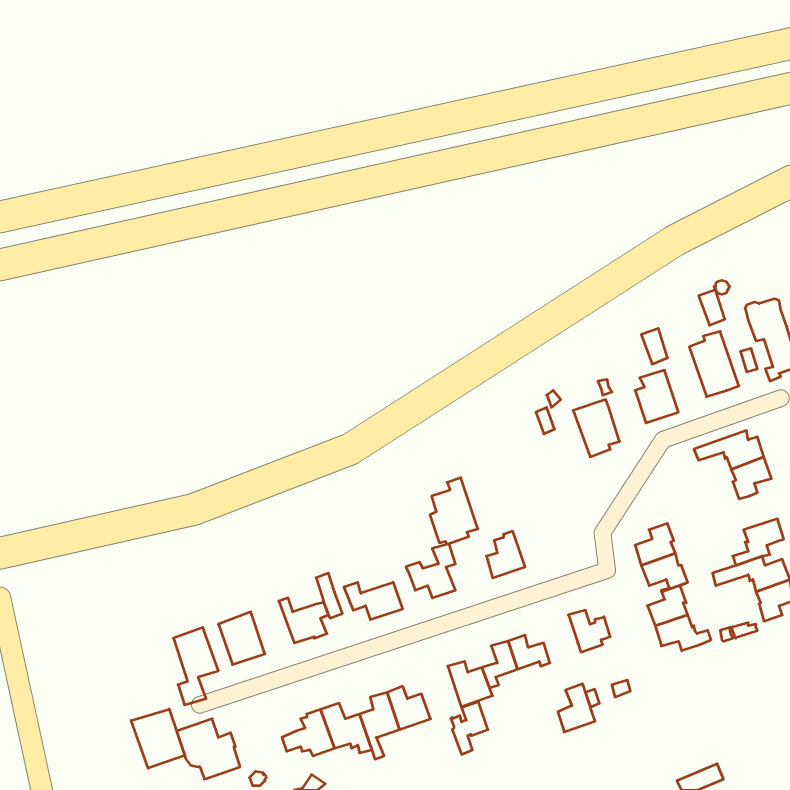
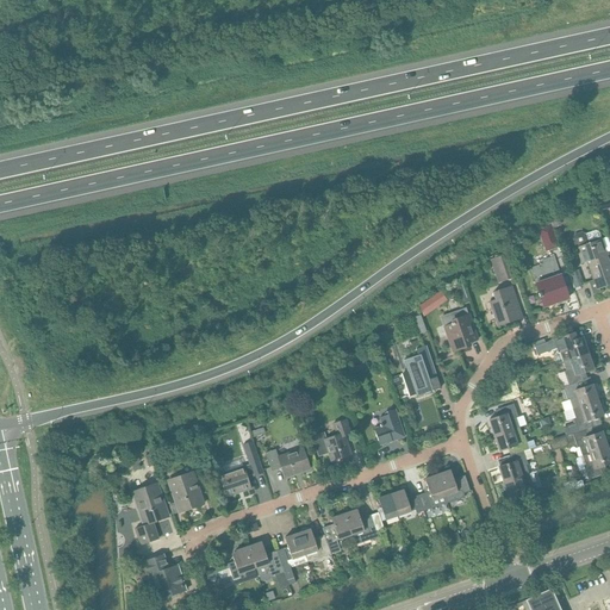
building: [430,478,478,544] -> [404,344,441,396]
building: none -> [564,381,599,407]
building: [558,684,595,732] -> [419,473,448,510]
building: [451,702,488,754] -> [324,512,353,553]
building: [131,709,185,768] -> none

